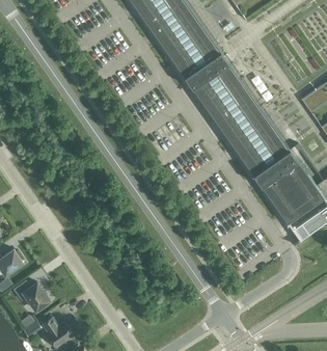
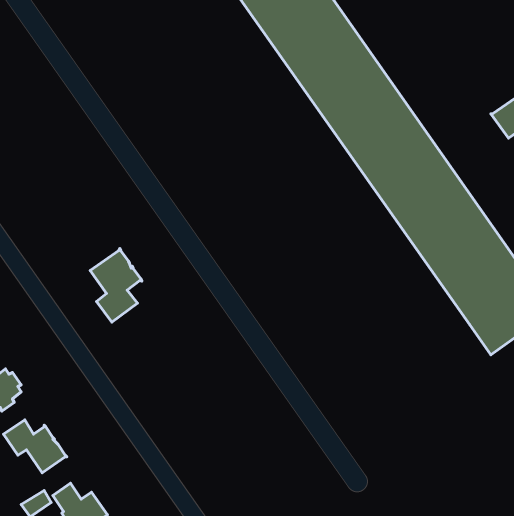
building: none -> [90,248,142,322]

